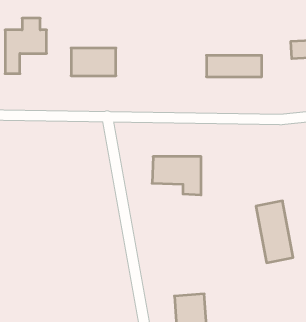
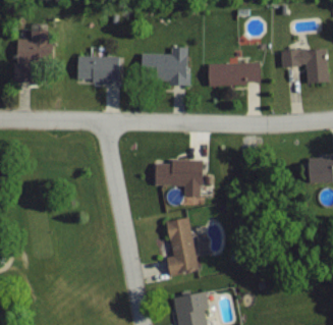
building: none -> [141,46,187,86]
building: [256,201,293,263] -> [163,217,199,276]

